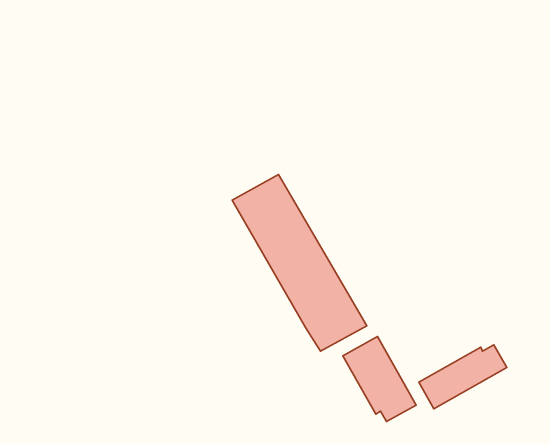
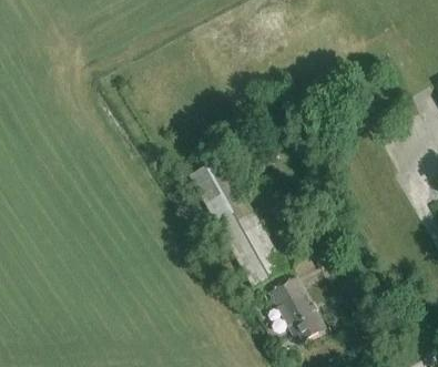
building: [419,345,507,409] -> none

